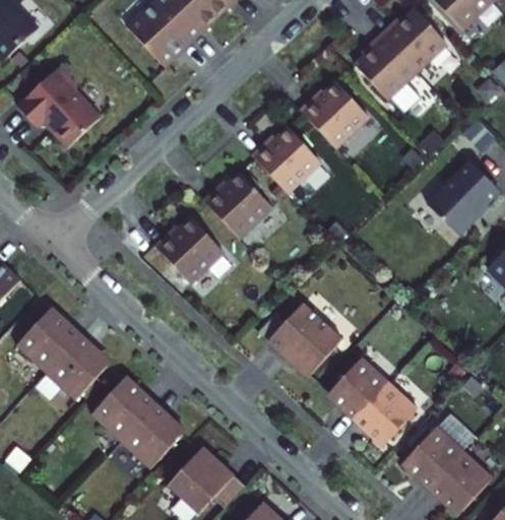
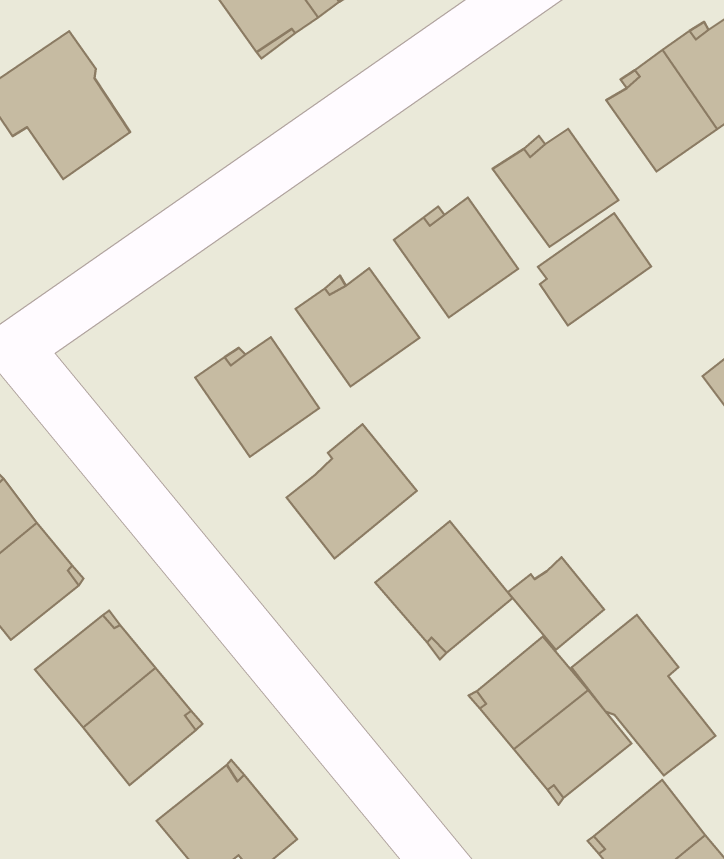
building: none -> [538,213,651,326]
building: none -> [287,424,417,558]
building: none -> [508,557,604,650]
building: none -> [571,615,716,775]

